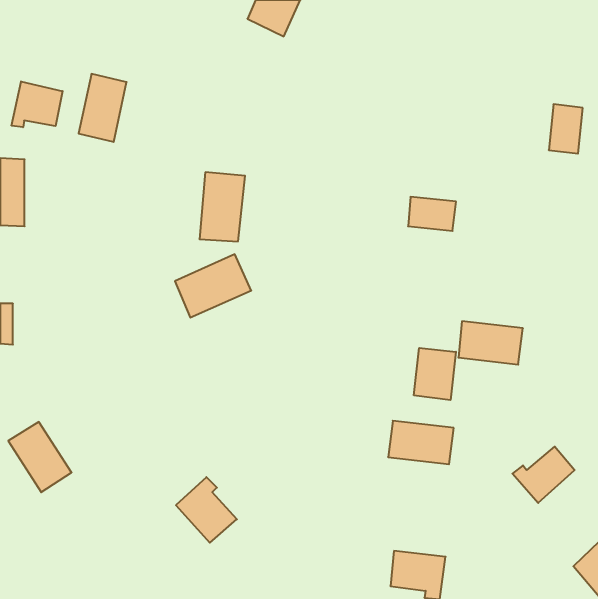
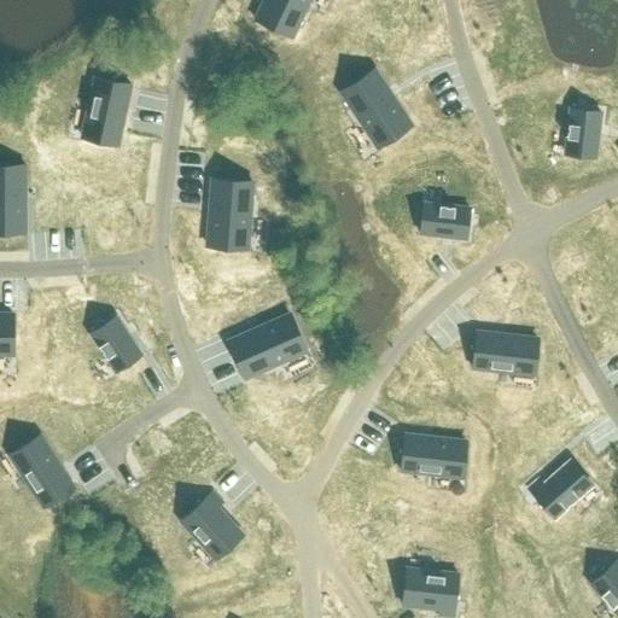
building: none -> [342,69,414,148]
building: [12,81,63,127] -> none
building: [175,254,251,318] -> [229,313,308,378]
building: none -> [91,315,142,372]
building: [414,348,456,400] -> none

